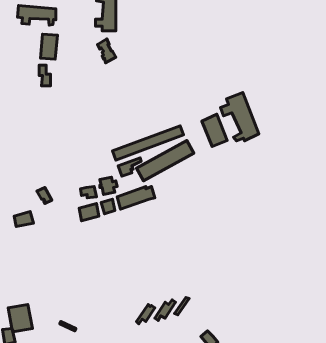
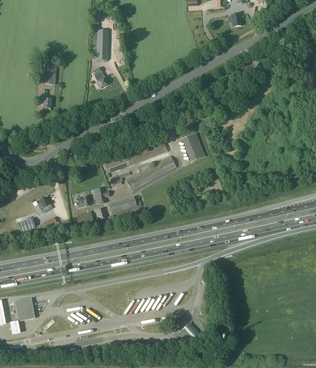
building: [17,5,56,25] -> none
building: [220,93,259,141] -> none

